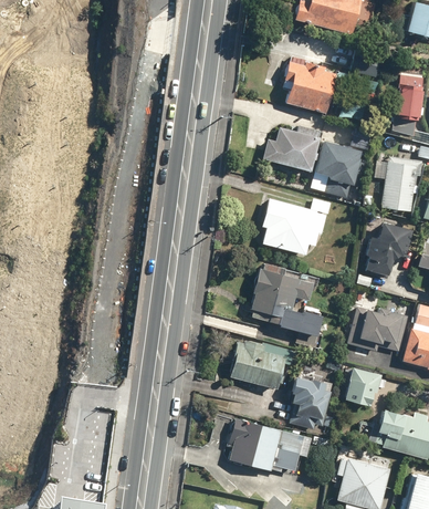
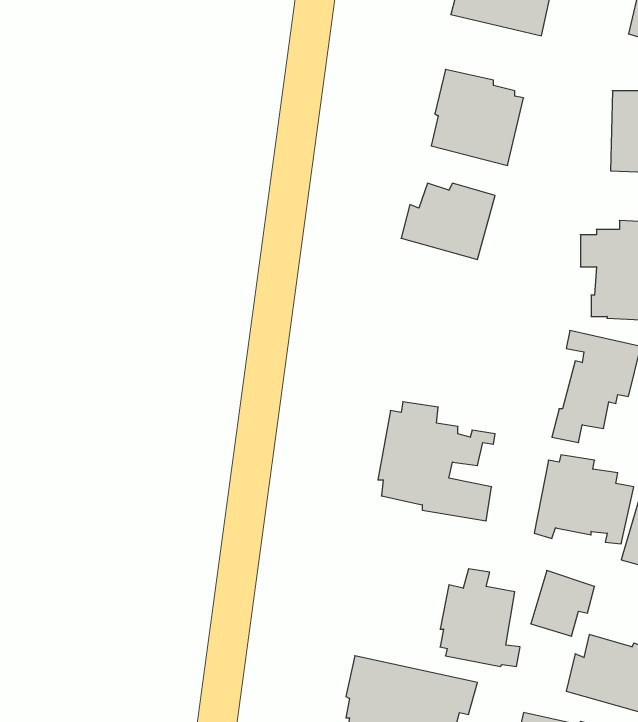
building: [312,142,368,189] -> none
building: [261,196,335,256] -> none
building: [230,339,294,388] -> none

